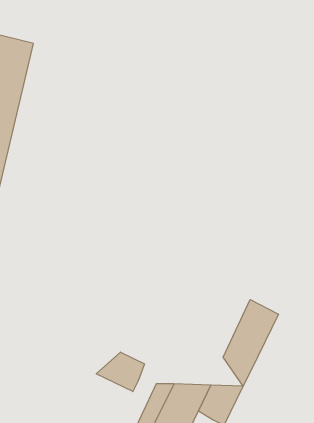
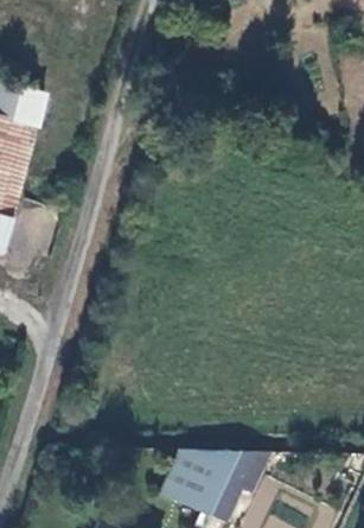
building: [223,300,278,386] -> none
building: [96,352,144,392] -> none

